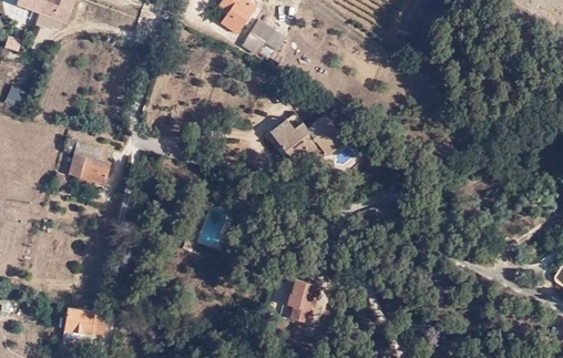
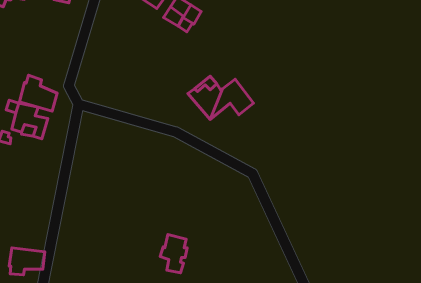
building: none -> [20,75,57,111]
building: [286,277,317,321] -> [160,234,187,273]

